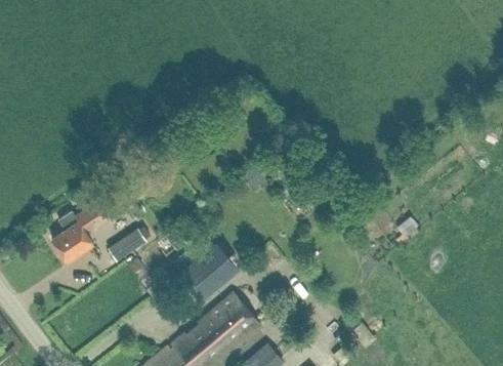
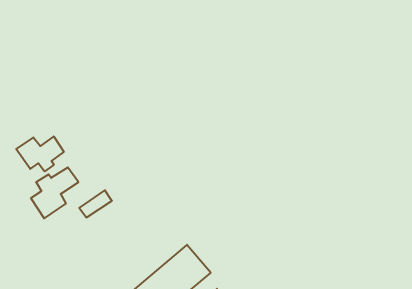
building: none -> [16,136,64,171]
building: [177,241,237,300] -> none

